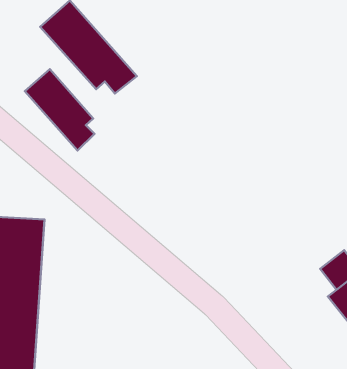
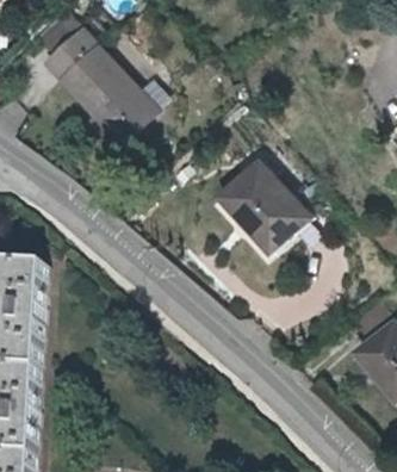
building: [25,69,94,150] -> none
building: none -> [219,159,303,243]

